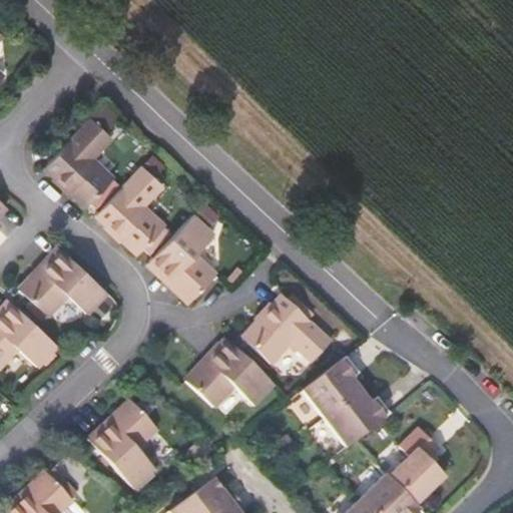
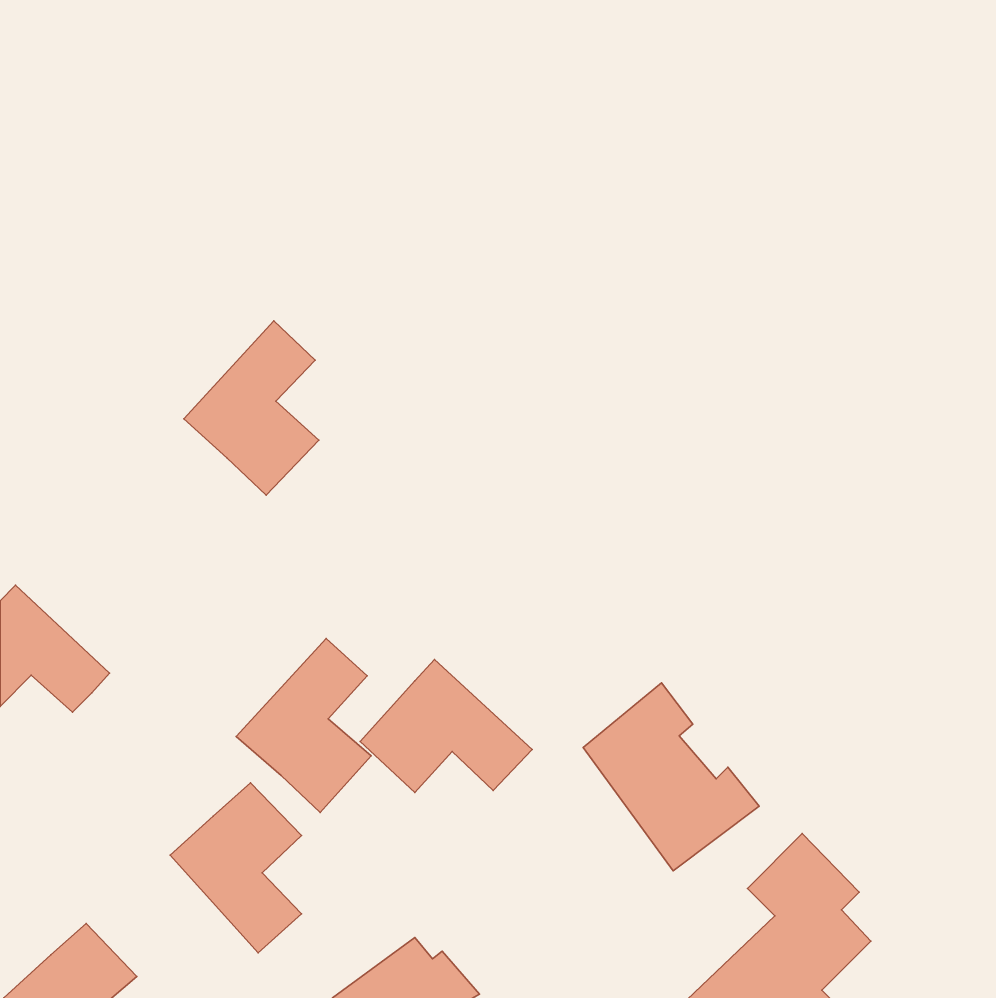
building: [45,118,112,206] -> none
building: [147,213,216,303] -> [236,638,371,813]
building: [21,248,108,316] -> none
building: [242,296,331,364] -> none

